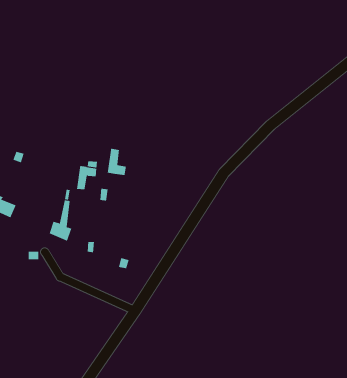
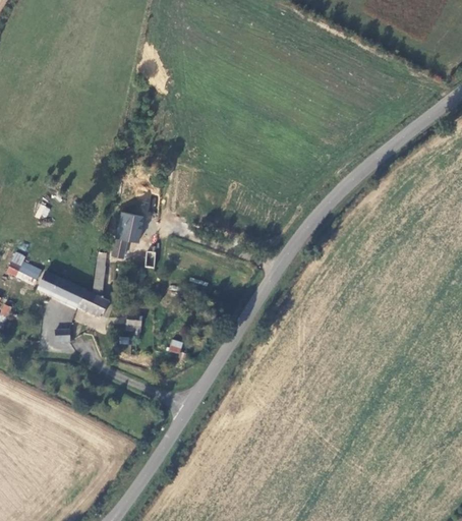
building: [107,148,127,176] -> none
building: none -> [39,273,85,306]

